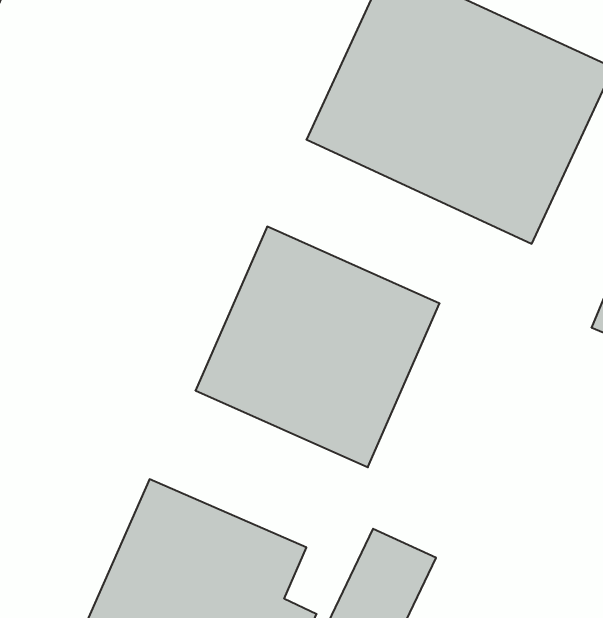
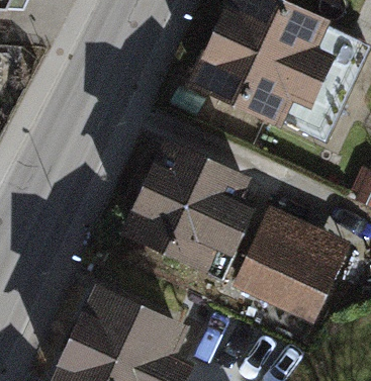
building: none -> [233,204,350,321]

